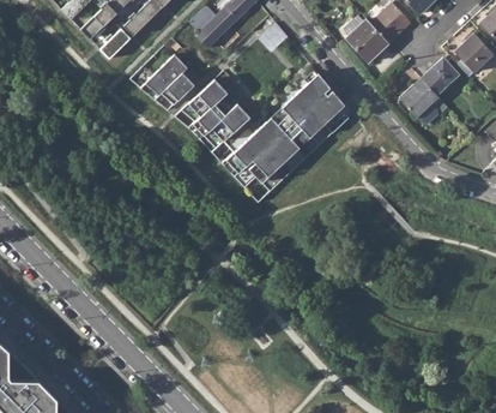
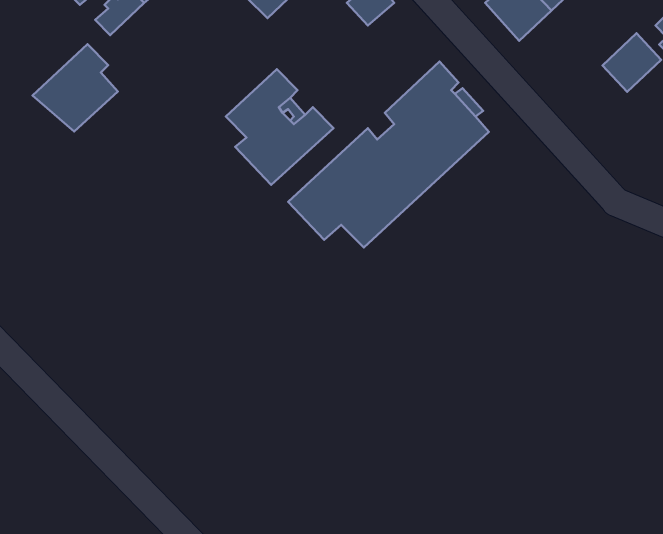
building: [140,55,194,110] -> [33,44,118,131]
building: [400,77,436,121] -> none

